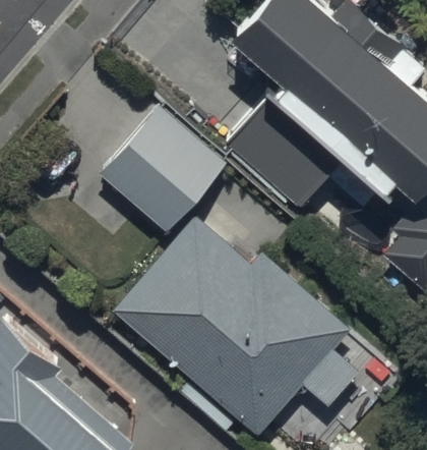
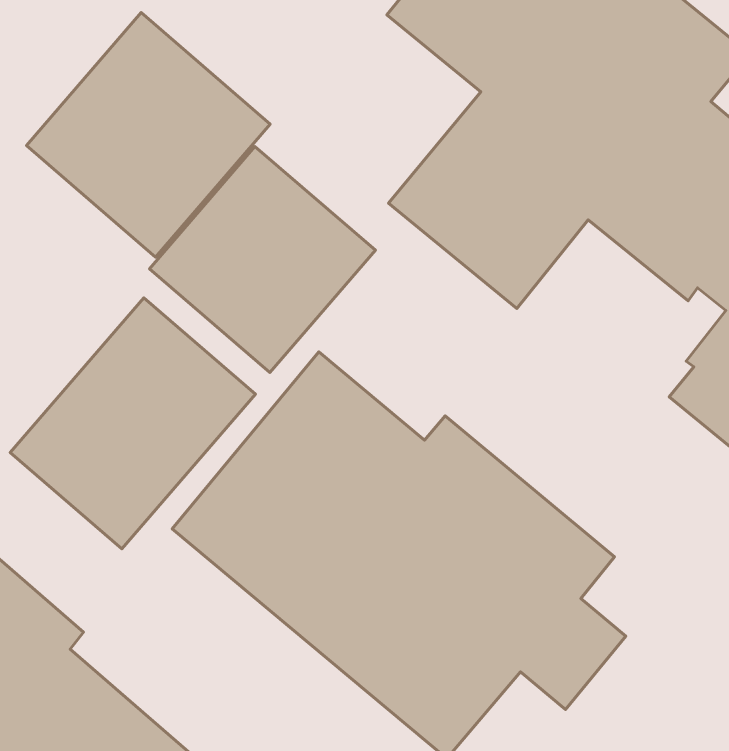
building: none -> [26,12,270,257]
building: none -> [10,298,256,549]

